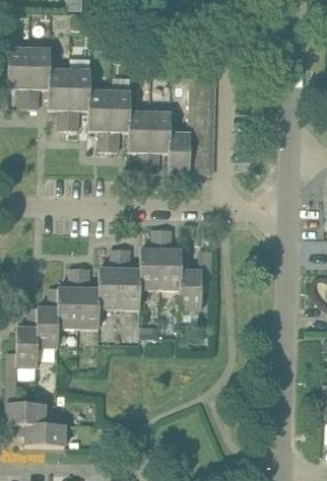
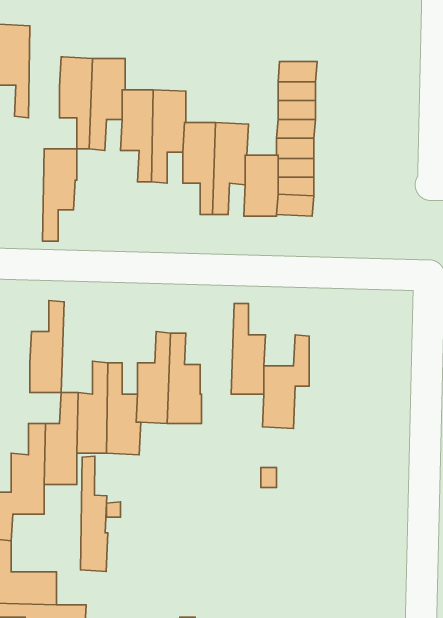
building: [28,49,51,109] -> [42,149,77,241]
building: [140,228,162,288] -> [30,300,64,392]
building: none -> [80,456,108,572]

